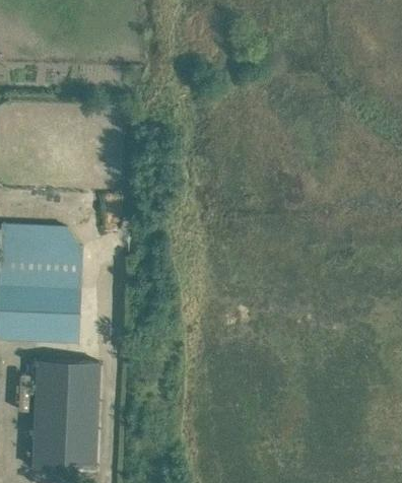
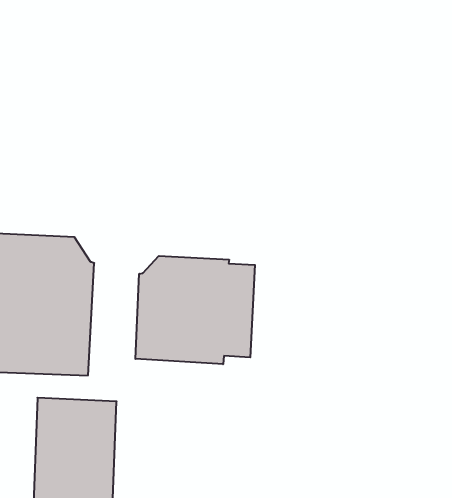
building: none -> [135,256,255,364]

